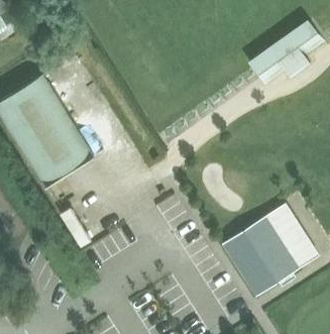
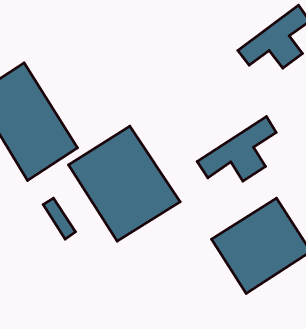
building: none -> [197,116,276,181]
building: none -> [69,126,180,241]

